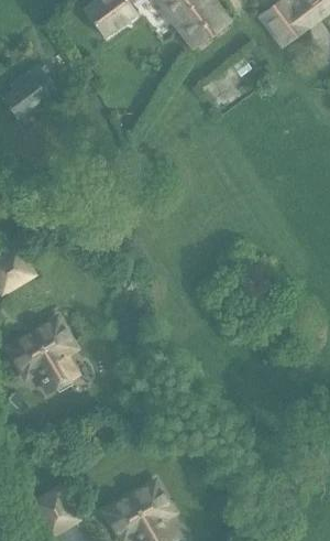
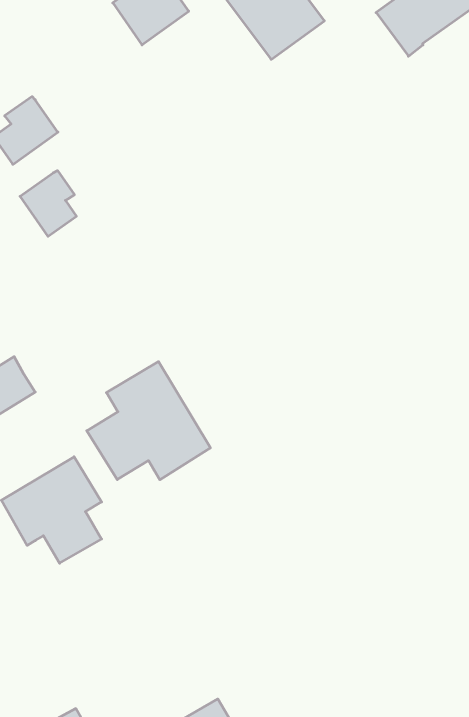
building: none -> [20,171,76,236]
building: none -> [87,362,210,480]

